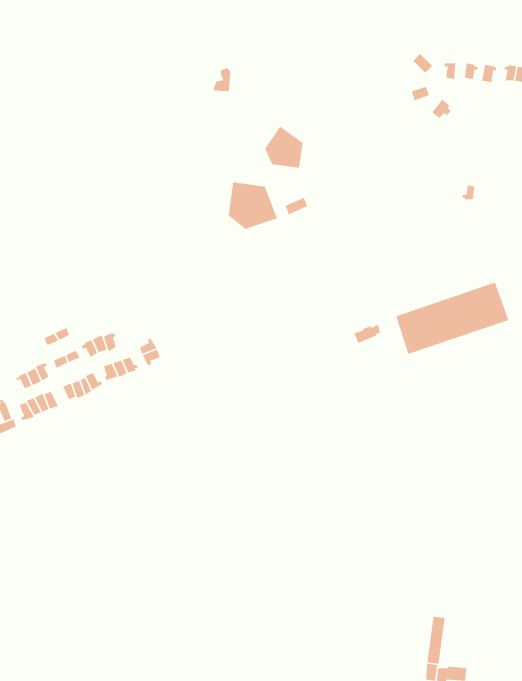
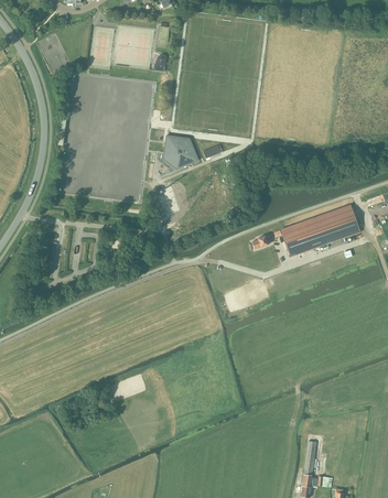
building: [264,126,303,169] -> none

